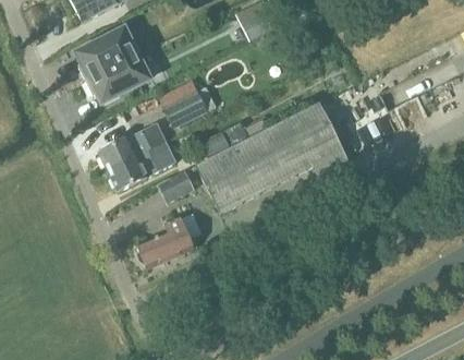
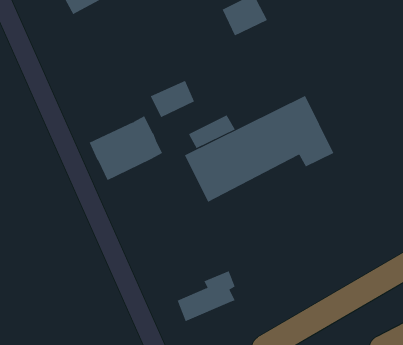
building: [78,29,150,101] -> none
building: [158,169,195,202] -> none
building: [138,214,198,266] -> [177,270,236,322]

